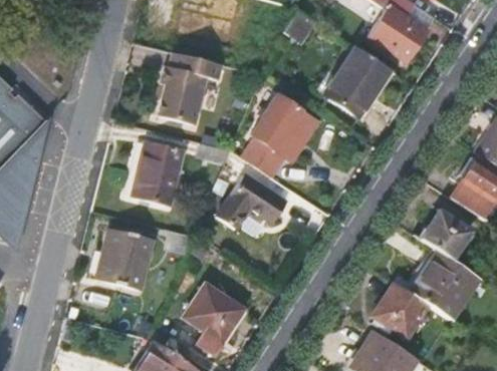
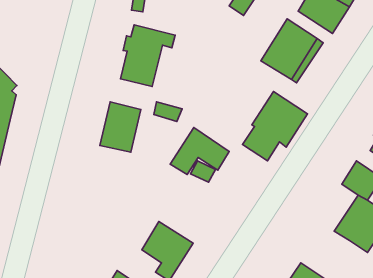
building: [242,95,318,176] -> [243,91,308,161]
building: [100,228,157,290] -> none
building: [371,283,428,337] -> none

